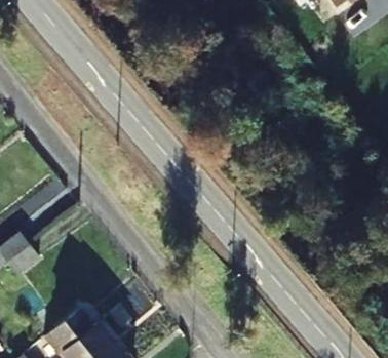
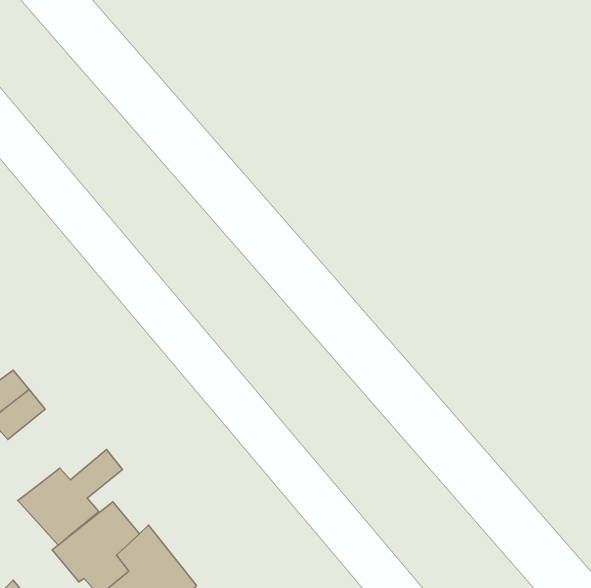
building: none -> [18,450,123,545]

